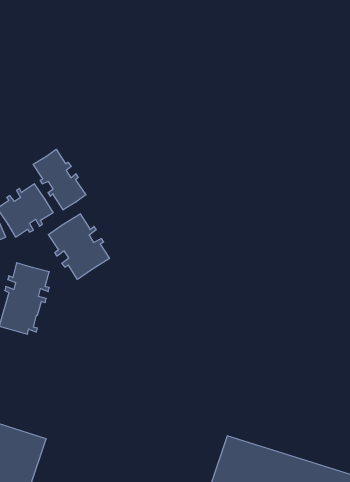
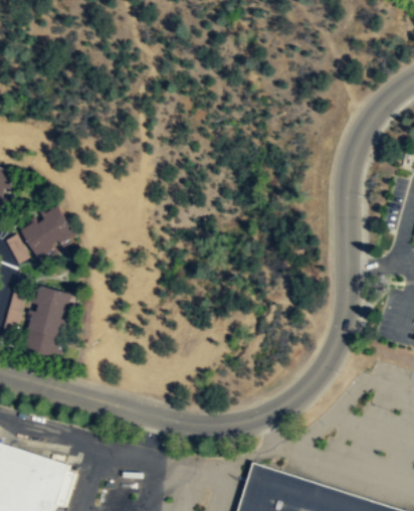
building: [33,149,86,210] -> none
building: [48,214,109,279] -> none

